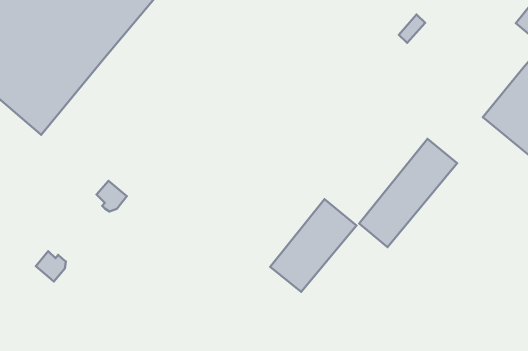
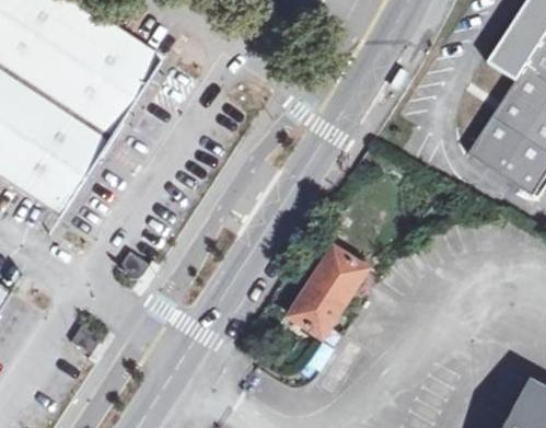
building: [359,139,457,247] -> none

